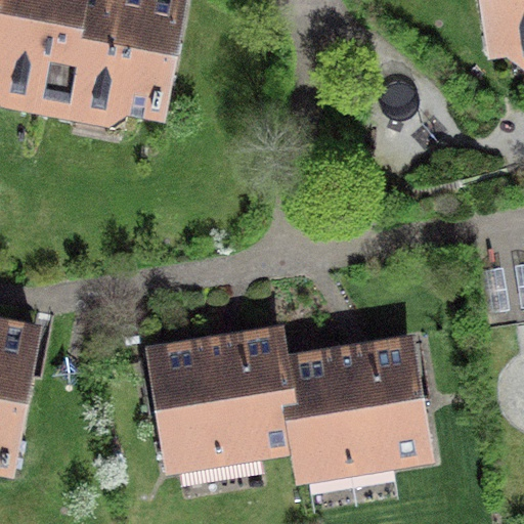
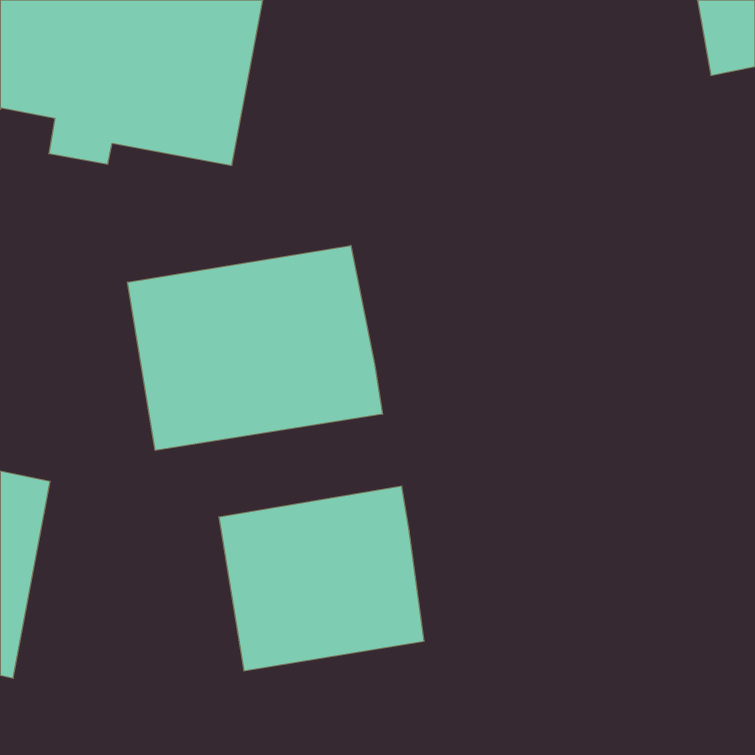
building: none -> [128,245,383,450]
building: [283,347,427,474] -> none

